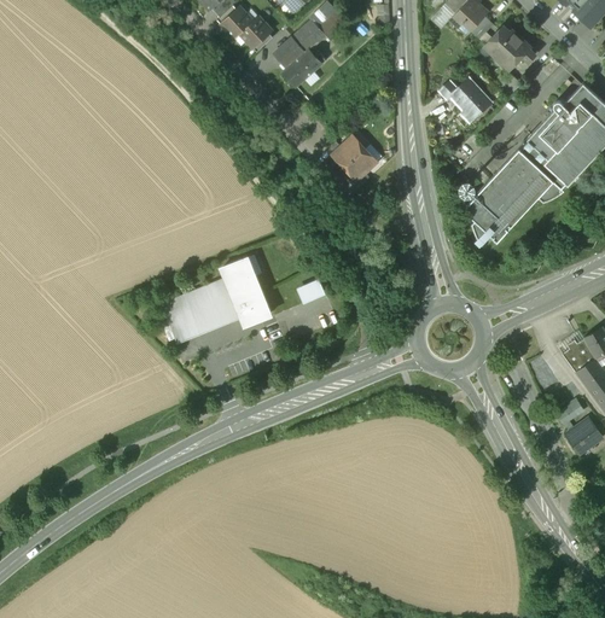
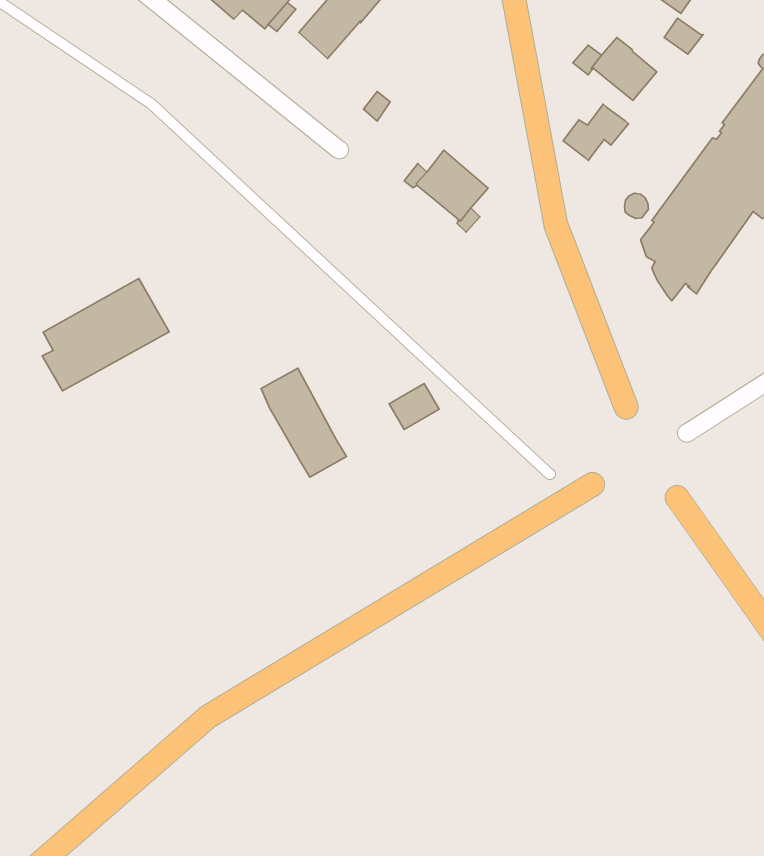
building: [286,49,325,88] -> none
building: none -> [563,104,628,160]
building: [162,279,242,342] -> [42,279,169,391]

